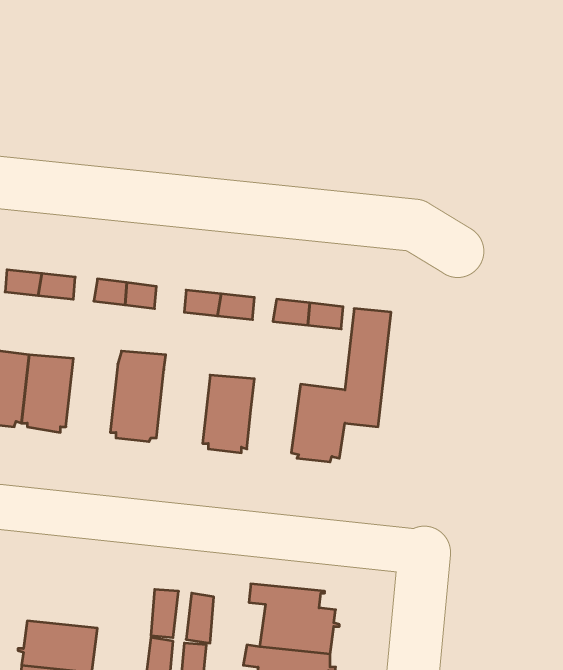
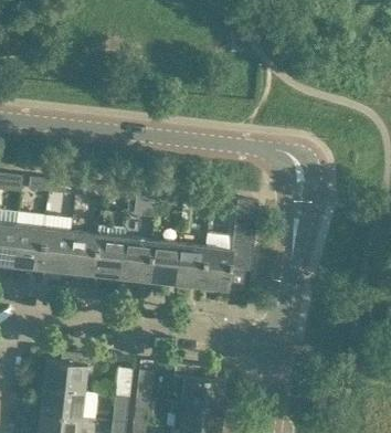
building: none -> [65,230,96,276]
building: none -> [119,236,151,283]
building: none -> [173,242,205,288]
building: none -> [40,351,94,391]

